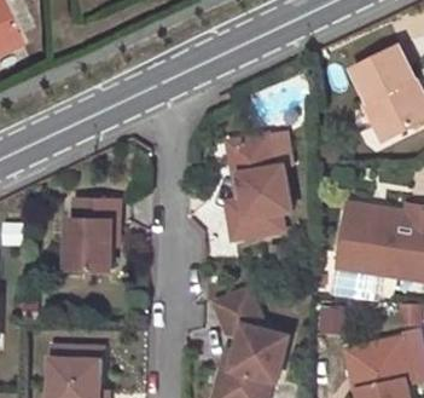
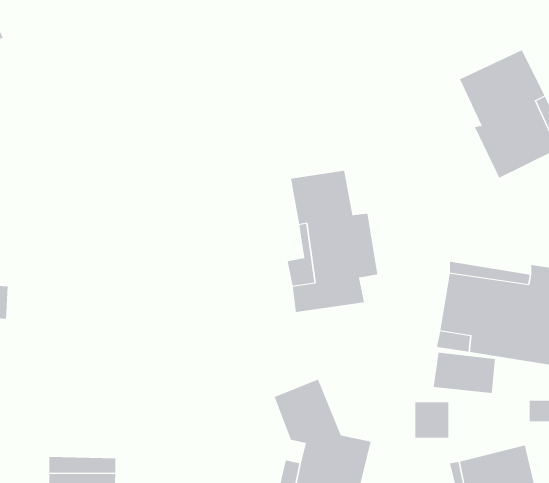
building: [68,201,120,269] -> none

